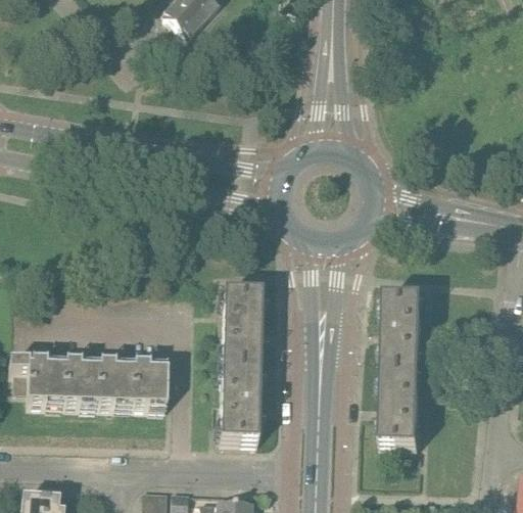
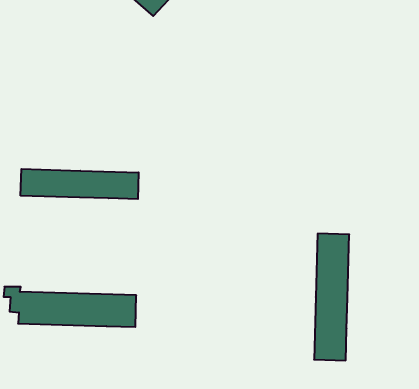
building: none -> [21,169,139,199]
building: [221,289,263,440] -> none

